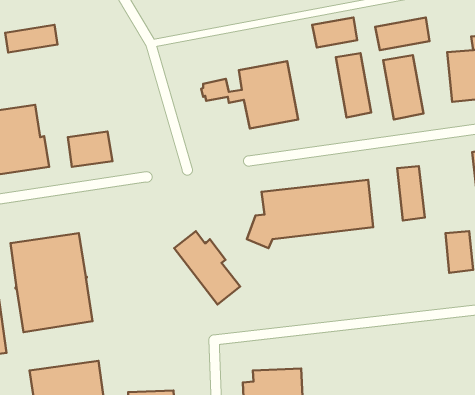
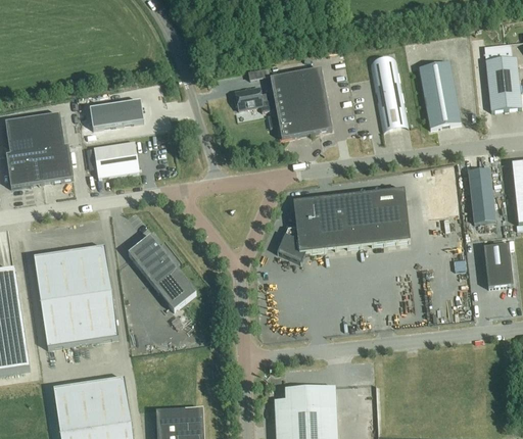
building: [312,18,357,47] -> none
building: [375,18,429,50] -> none
building: [5,25,57,53] -> [89,98,143,127]
building: [397,166,425,220] -> [467,166,495,223]
building: [174,231,240,304] -> [128,233,196,308]

